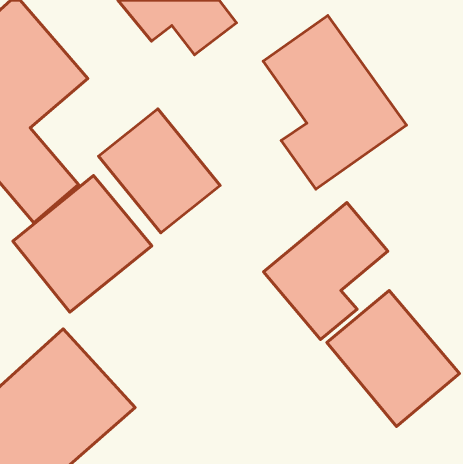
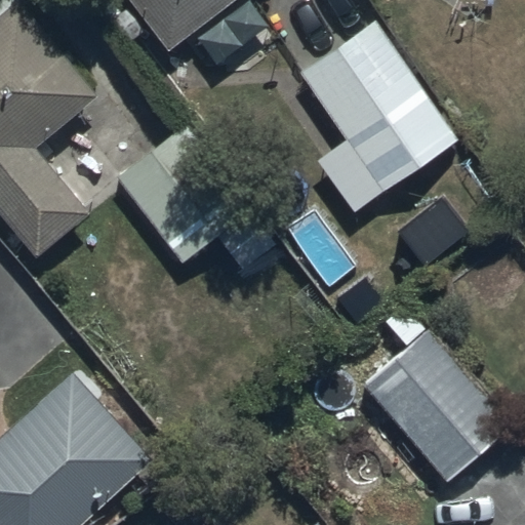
building: [13,175,152,312] -> none
building: [263,202,388,340] -> none

